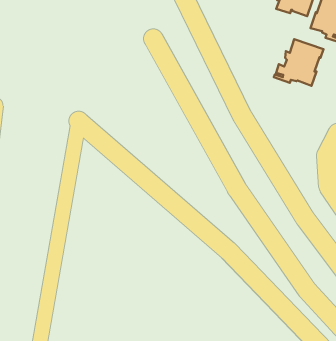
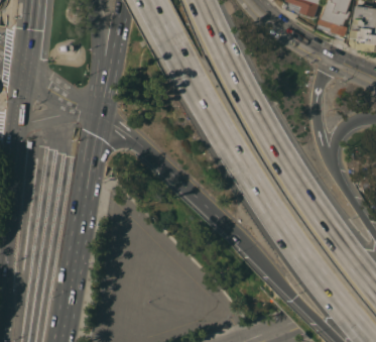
building: [274,39,323,86] -> none

